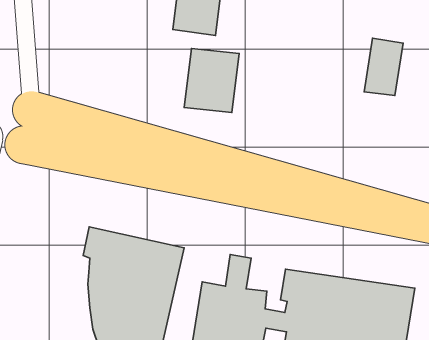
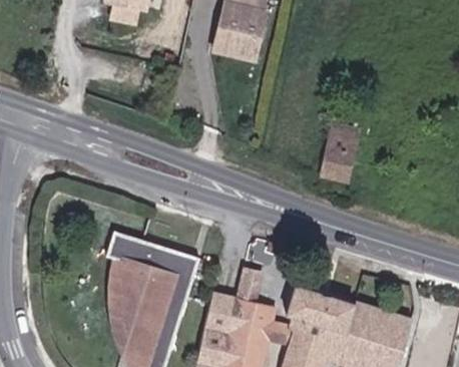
building: [364,38,403,96] -> [324,127,364,182]
building: [184,48,239,112] -> none

